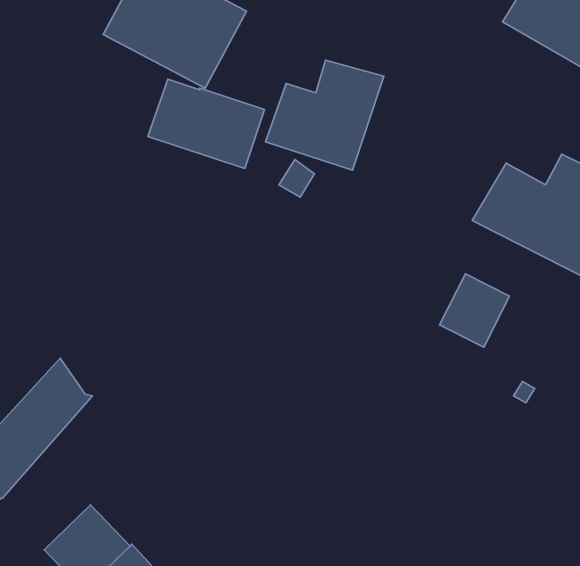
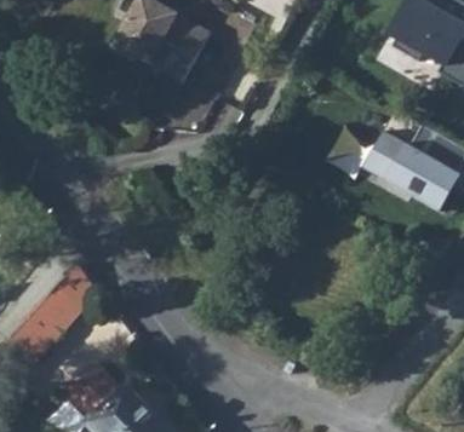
building: [265,60,384,170] -> none
building: [439,274,510,347] -> none

